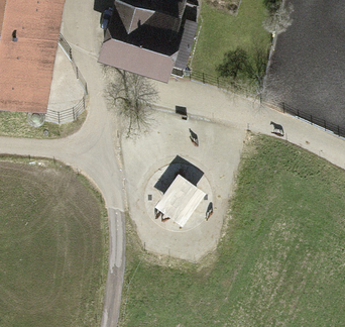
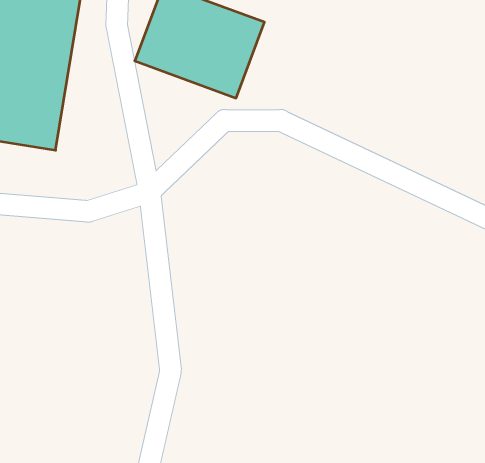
building: [158,177,211,230] -> none

